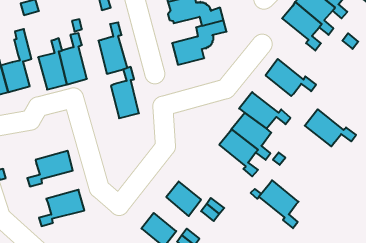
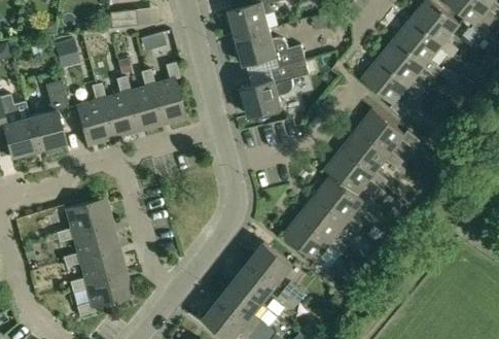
building: none -> [361,58,411,117]
building: [111,67,139,118] -> [124,69,159,133]
building: [305,109,356,146] -> [341,129,404,175]
building: none -> [55,198,111,243]
building: none -> [249,242,292,283]
building: none -> [68,247,124,292]
building: [259,180,299,228] -> [283,215,332,275]
building: none -> [218,280,261,323]

